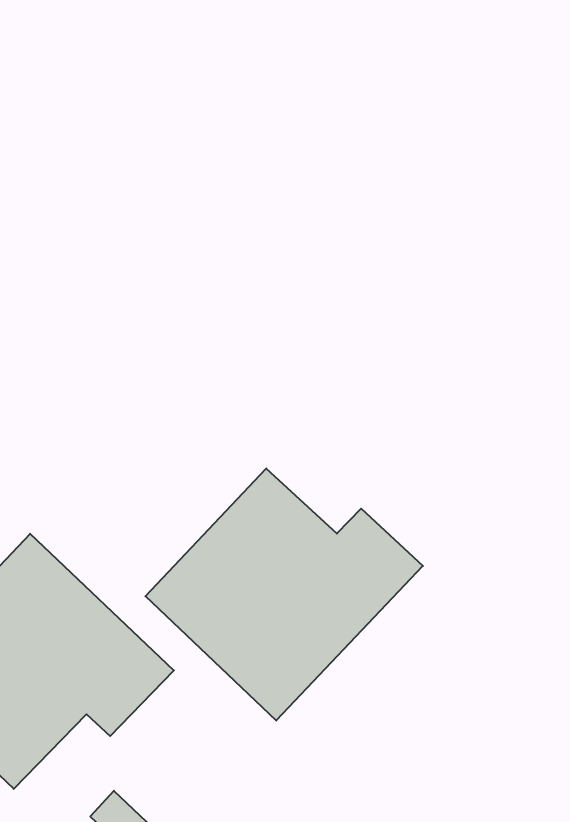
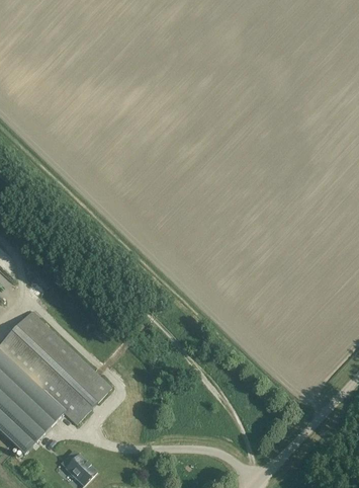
building: [145,468,423,721] -> none

